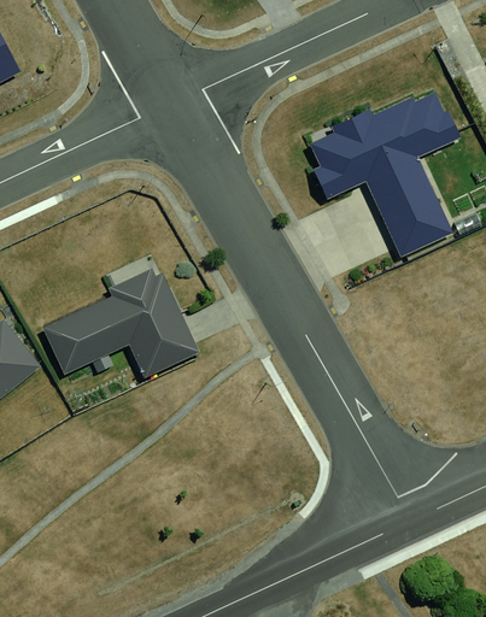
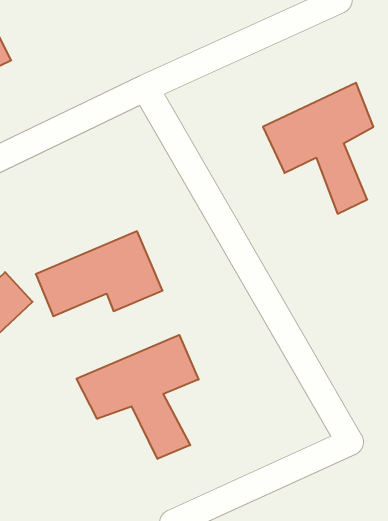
building: none -> [77,335,199,459]

